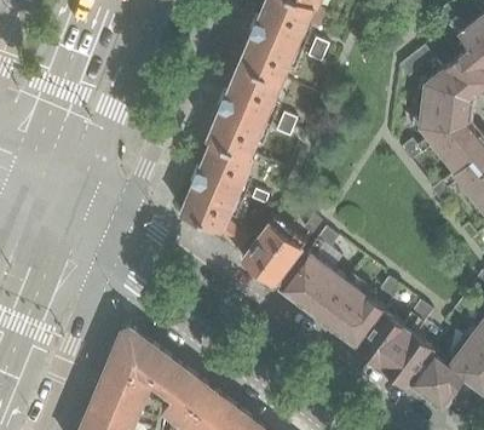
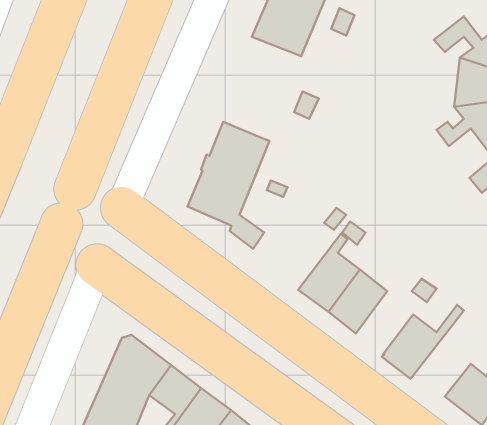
building: [209,64,283,155] -> none
building: [242,223,302,285] -> none
building: [332,289,385,345] -> none
building: [380,306,436,388] -> none

